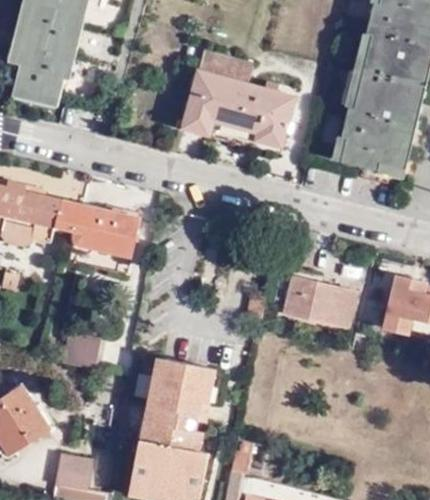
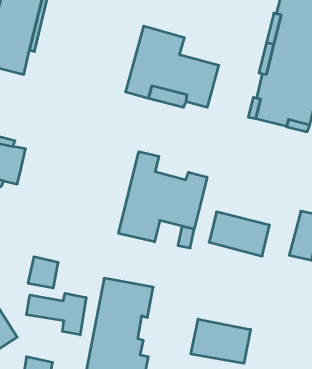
building: [53,199,139,258] -> none
building: none -> [119,152,207,242]
building: none -> [26,293,86,335]
building: none -> [191,319,251,363]

